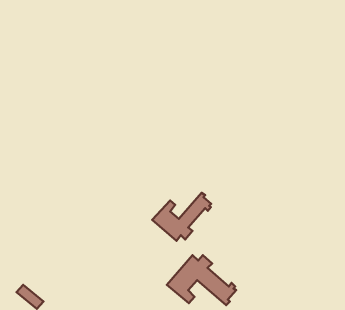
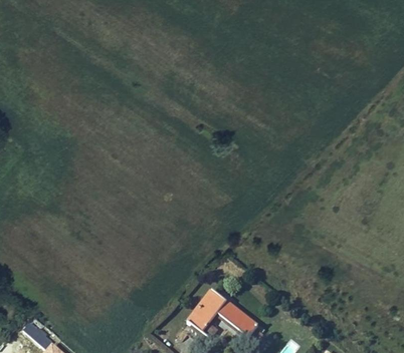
building: [152,193,211,241] -> none

